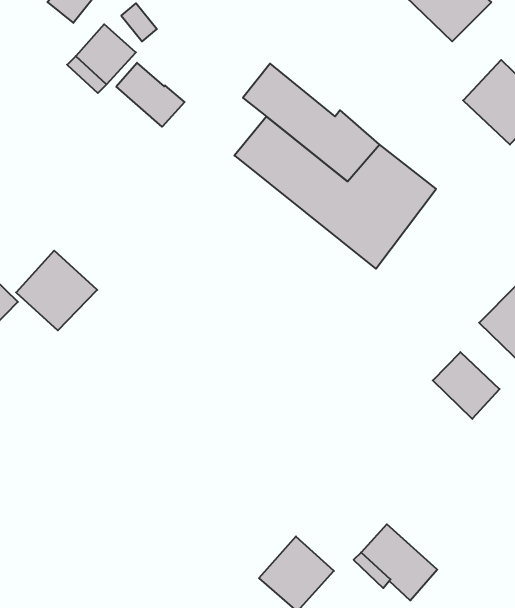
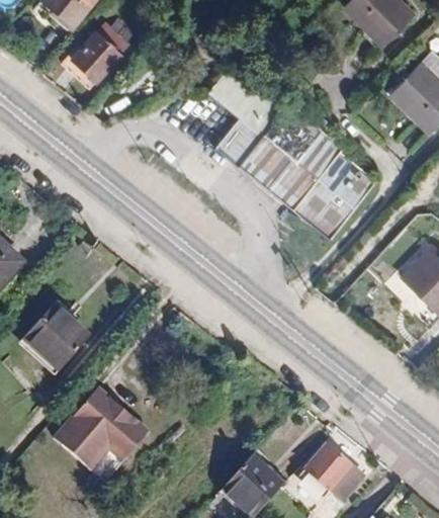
building: [116,63,185,127] -> none
building: [16,251,97,330] -> [23,305,90,370]
building: [433,352,500,419] -> none
building: none -> [53,386,150,470]

